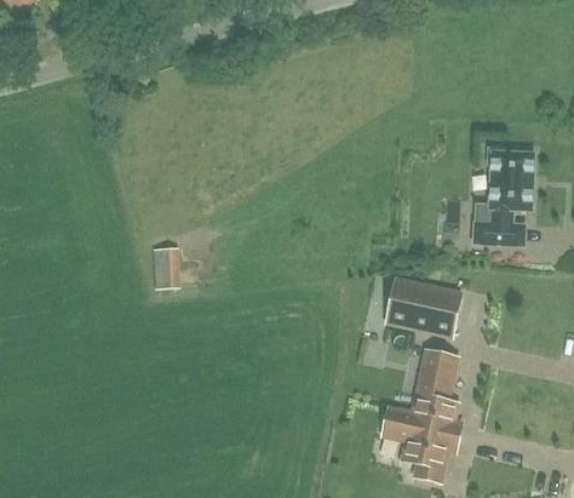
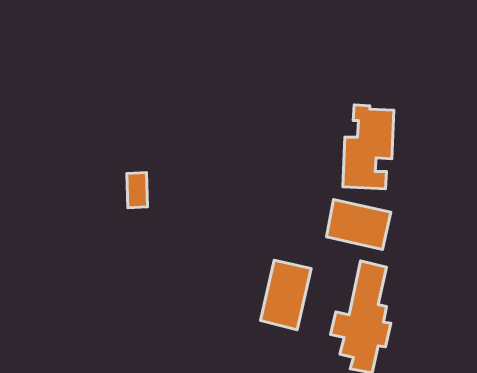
building: [473,145,533,244] -> [343,105,394,189]
building: none -> [260,260,311,330]

